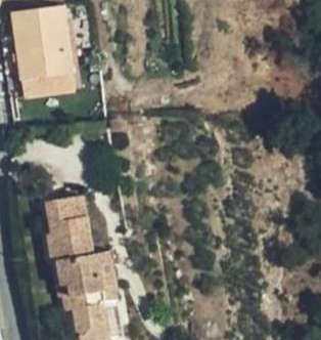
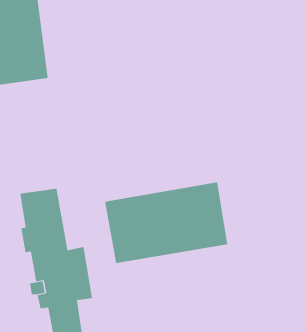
building: none -> [104,181,228,264]

